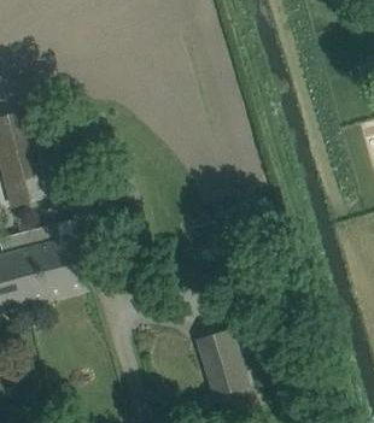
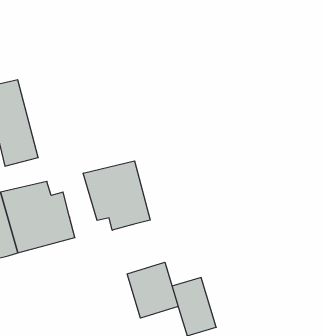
building: none -> [83,161,150,230]
building: none -> [127,262,178,318]

